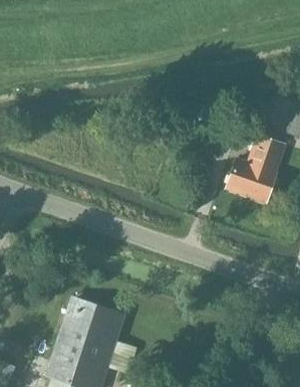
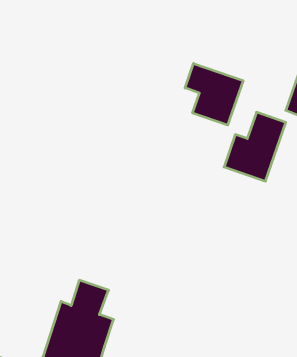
building: none -> [185,63,243,125]

